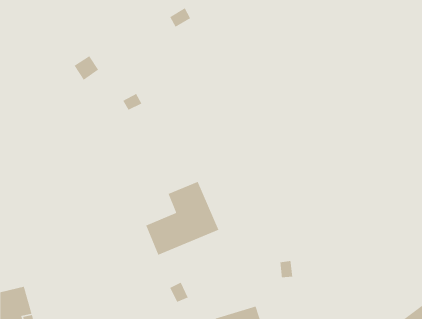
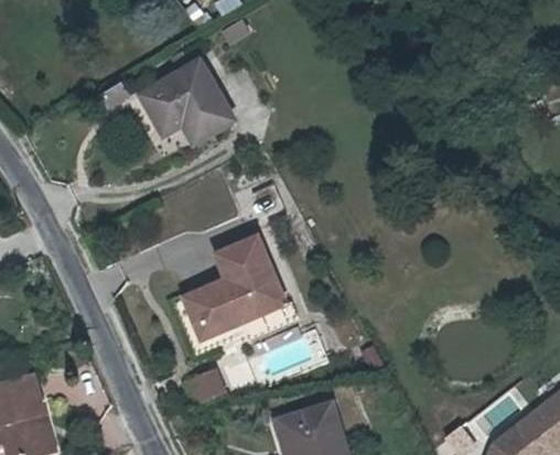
building: none -> [146,64,231,139]

